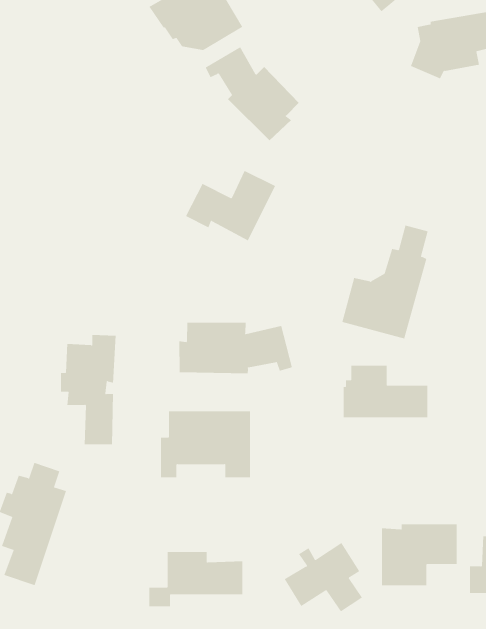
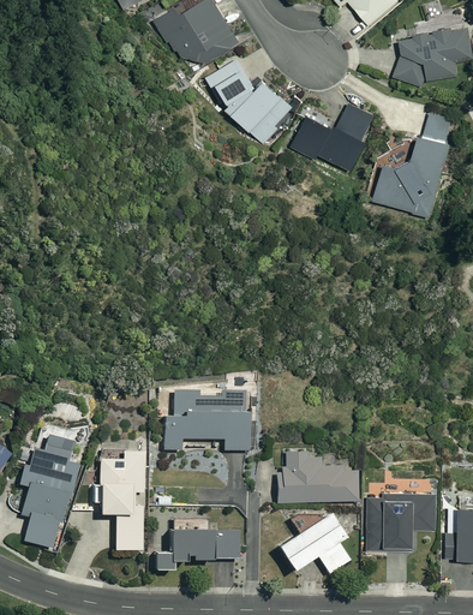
building: [185,170,276,241] -> [292,106,375,171]
building: [342,225,428,339] -> [372,113,451,217]
building: [179,322,293,374] -> none
building: [60,334,117,445] -> [94,449,145,550]
building: [343,365,428,418] -> [279,454,357,502]

